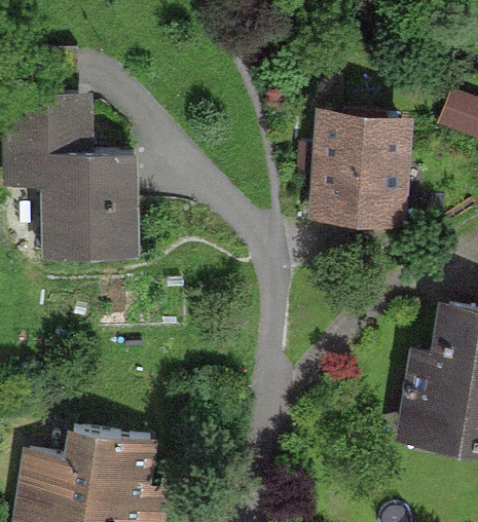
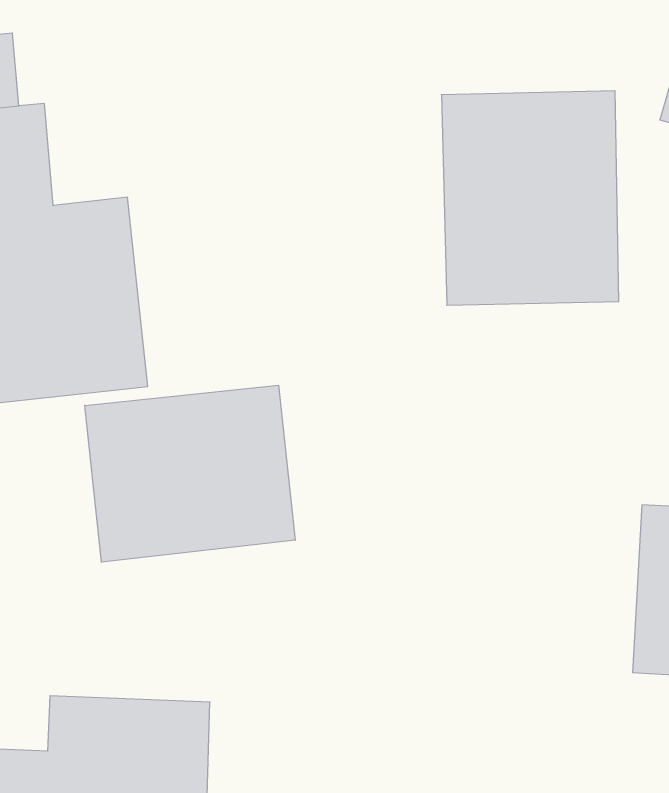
building: none -> [85,385,295,562]

